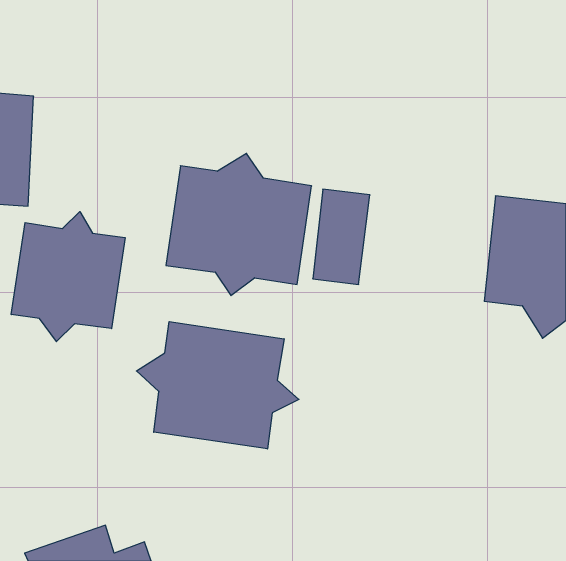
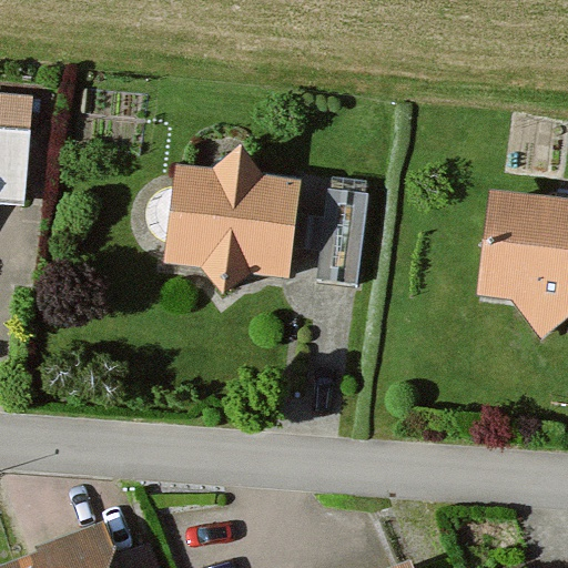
building: [11,212,125,342] -> none
building: [136,322,299,449] -> none

